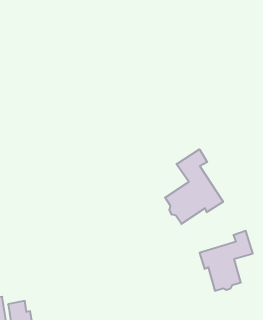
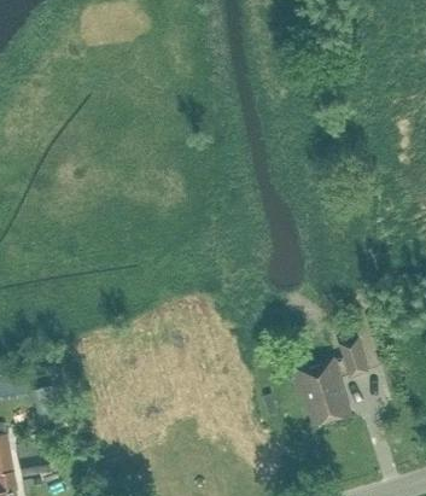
building: [165,149,223,224] -> none

